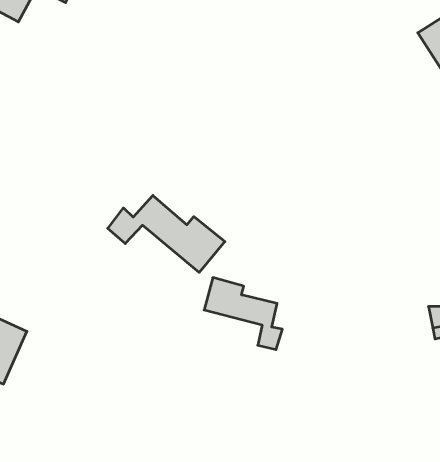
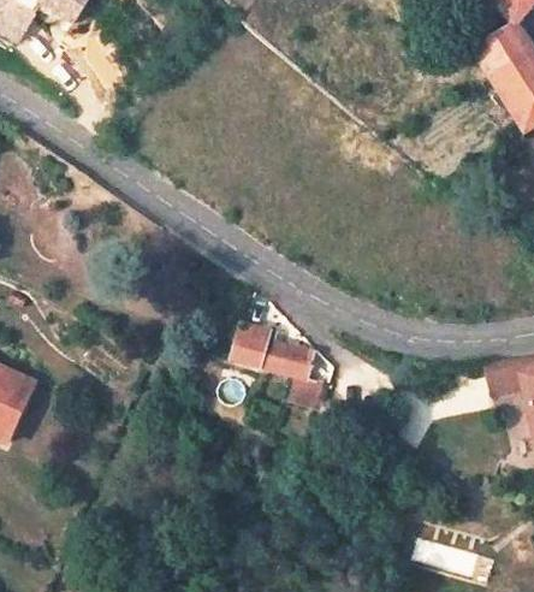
building: [108,195,225,272] -> none

